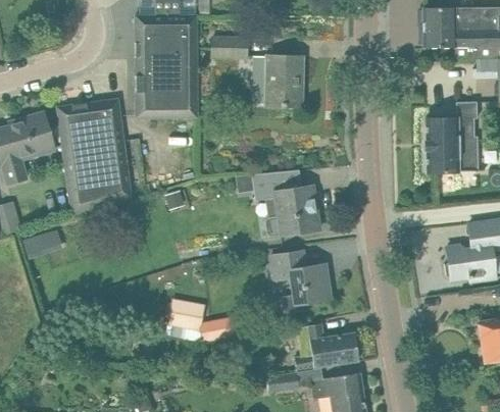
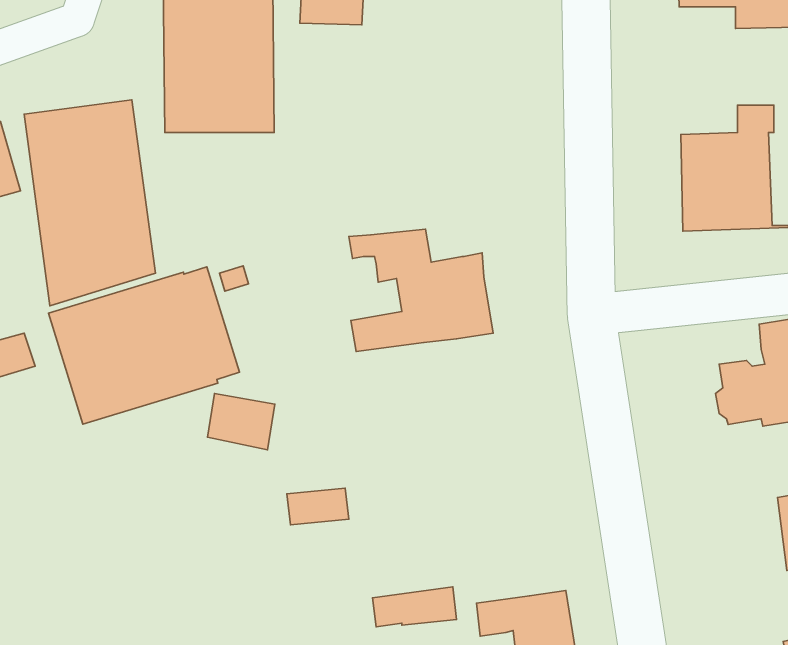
building: [253,55,302,106] -> none
building: none -> [48,267,240,424]
building: [270,250,331,313] -> none
building: [166,299,204,330] -> [207,393,275,450]
building: [296,323,358,369] -> none

